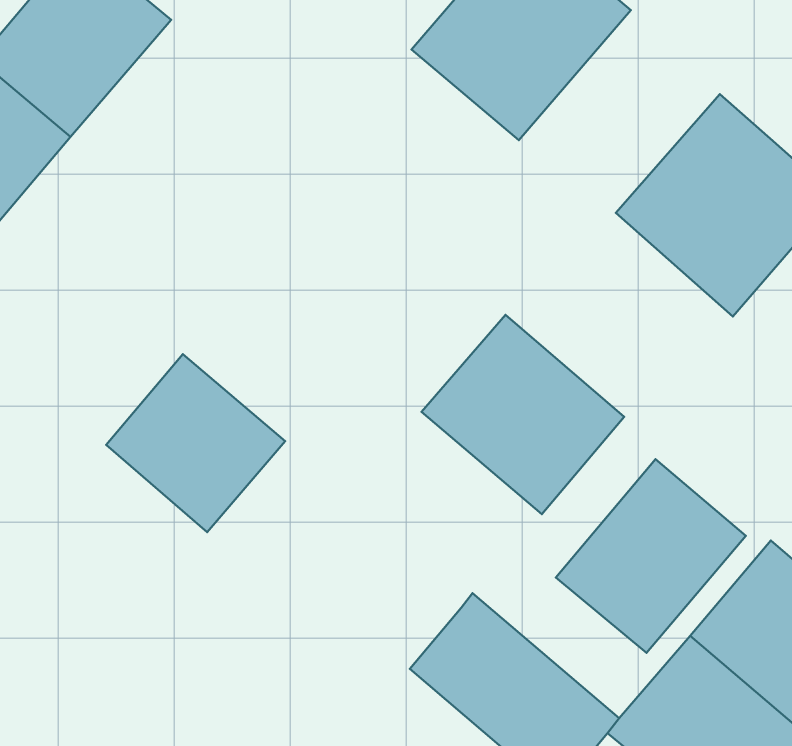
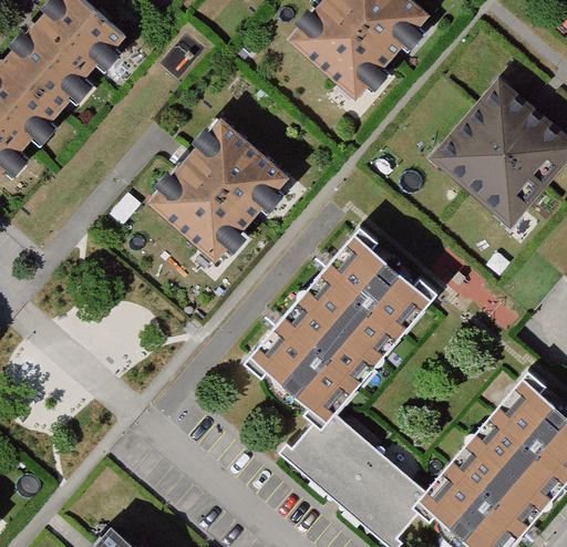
building: none -> [153,116,300,266]
building: [106,354,285,532] -> none
building: none -> [243,291,378,423]
building: [556,459,746,653] -> none

